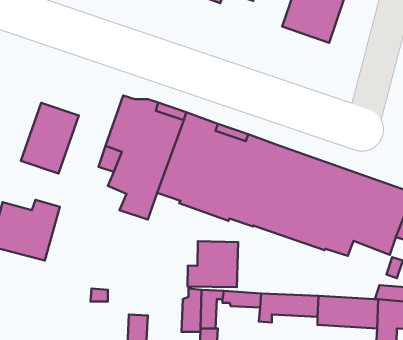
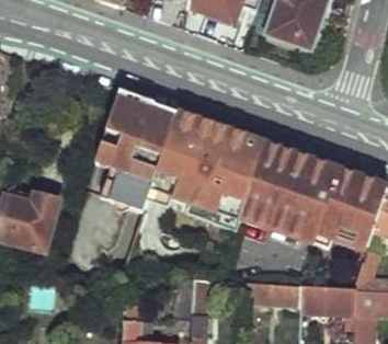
building: [21,103,79,173] -> none
building: [188,241,238,287] -> none

